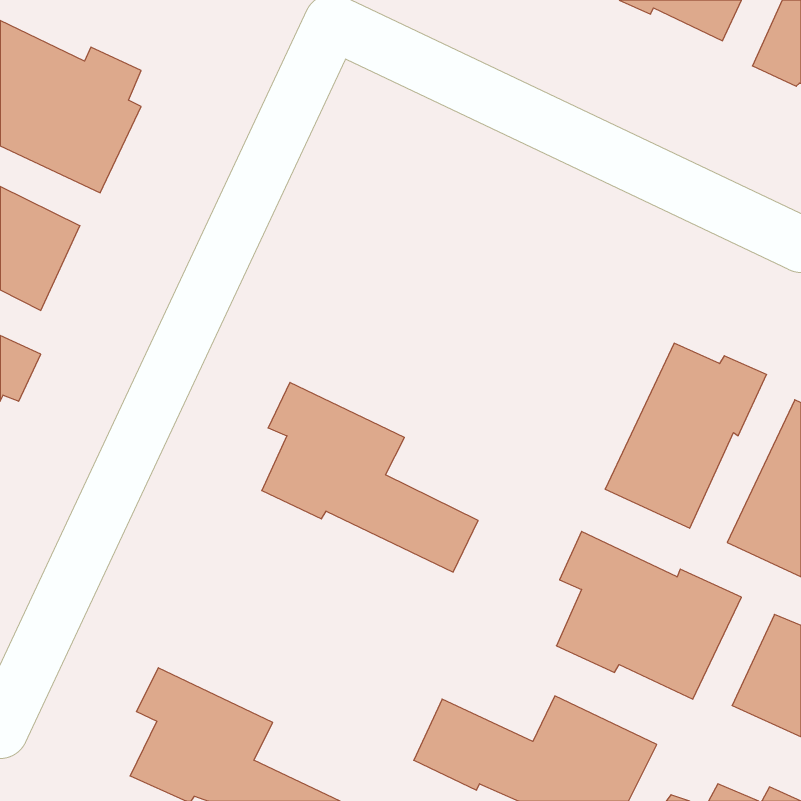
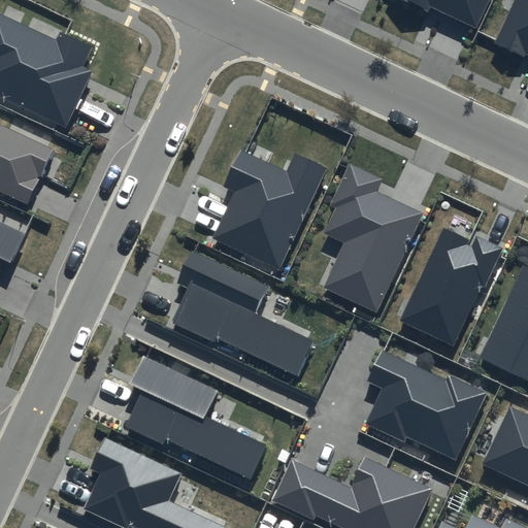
building: none -> [212,150,326,269]
building: none -> [323,163,424,314]
building: none -> [124,355,266,480]

